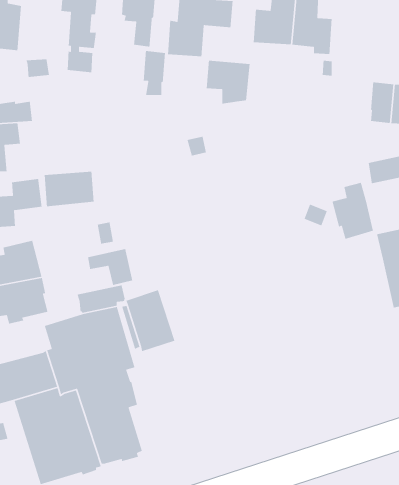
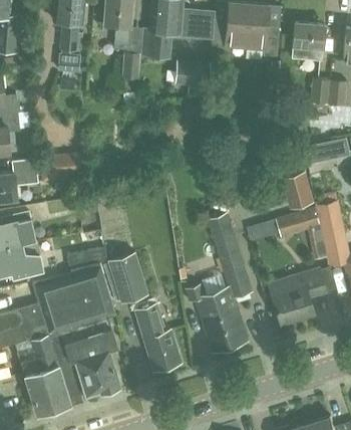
building: none -> [291,23,324,60]
building: none -> [246,207,327,259]
building: none -> [186,211,253,352]
building: none -> [269,269,325,324]
building: none -> [133,301,183,372]

